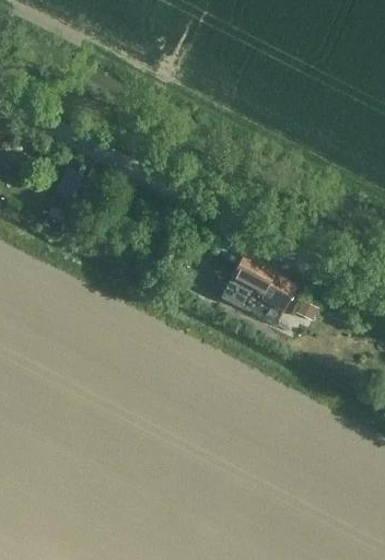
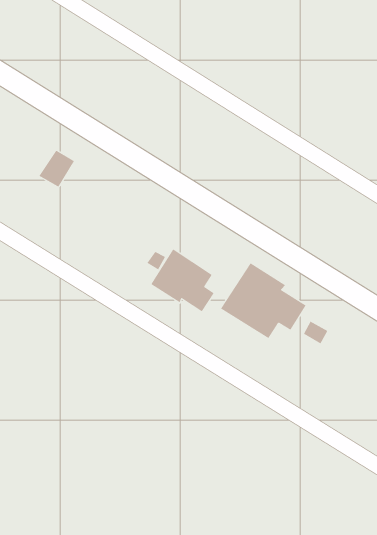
building: none -> [150,248,214,312]

